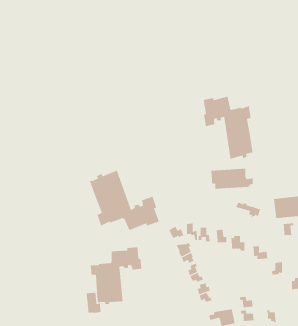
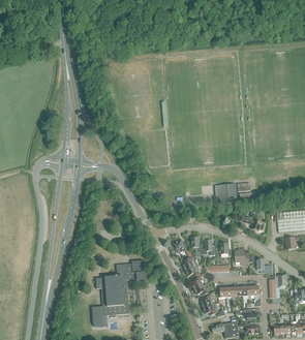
building: [203,96,253,159] -> none
building: [89,170,159,231] -> none

